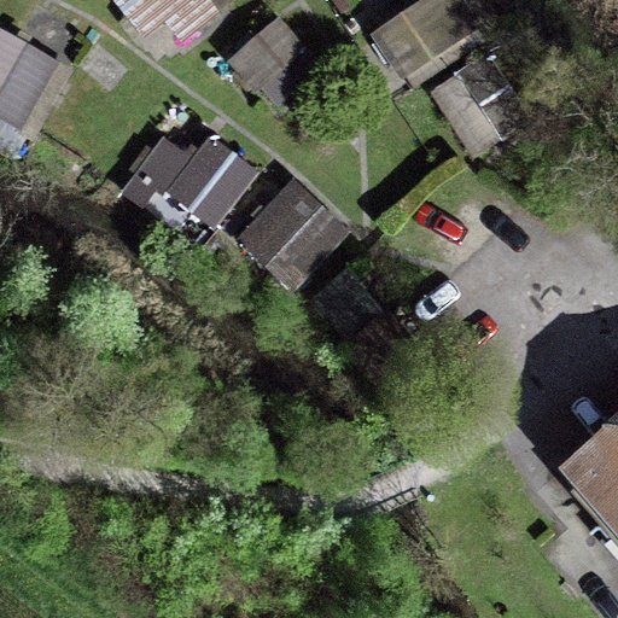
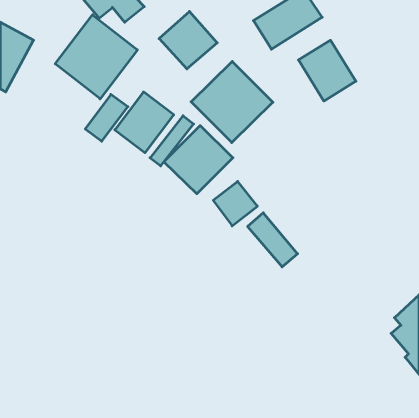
building: none -> [55,15,137,99]
building: none -> [191,61,273,143]

